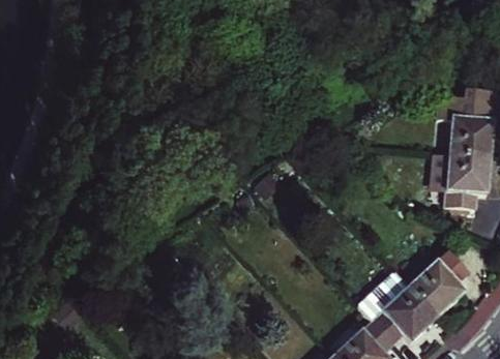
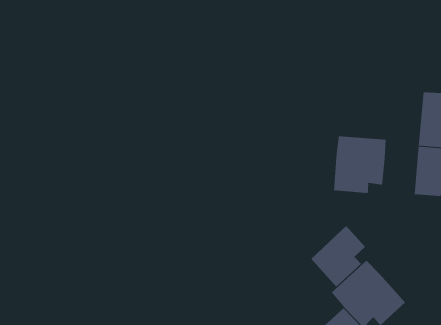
building: none -> [334,135,386,194]
building: [409,252,467,318] -> [311,225,366,288]

